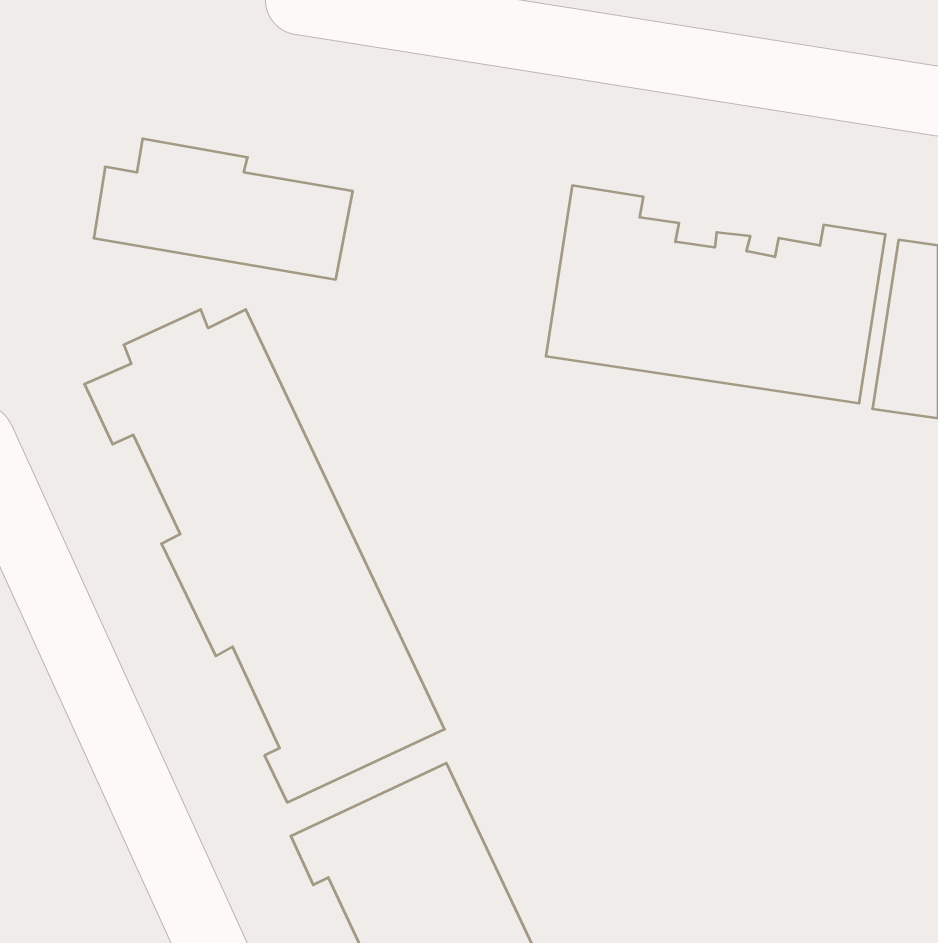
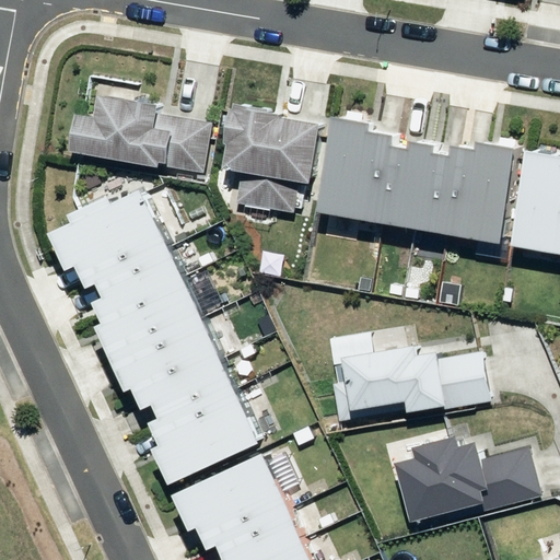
building: none -> [224,112,315,212]
building: none -> [328,348,485,421]
building: none -> [396,440,535,521]

